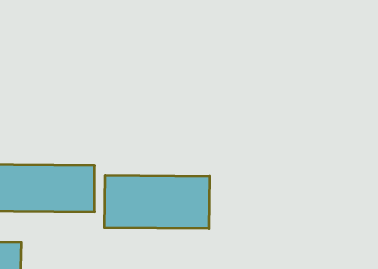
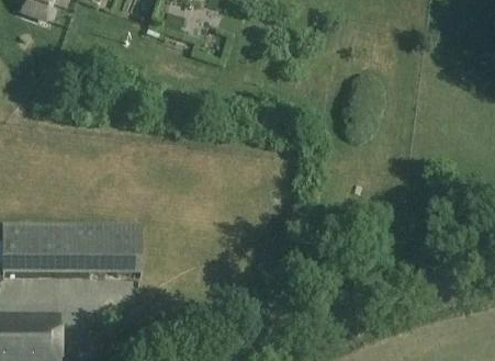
building: [104,175,210,229] -> none

